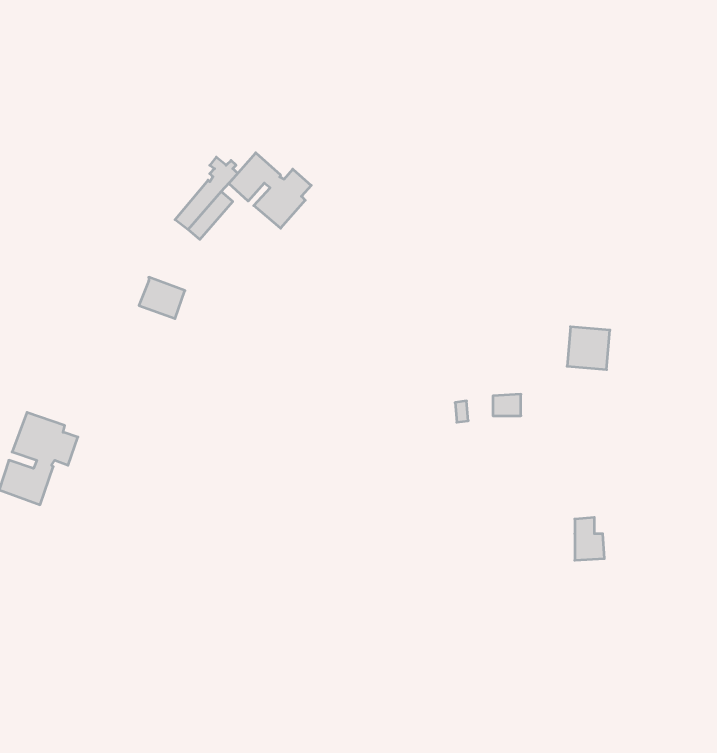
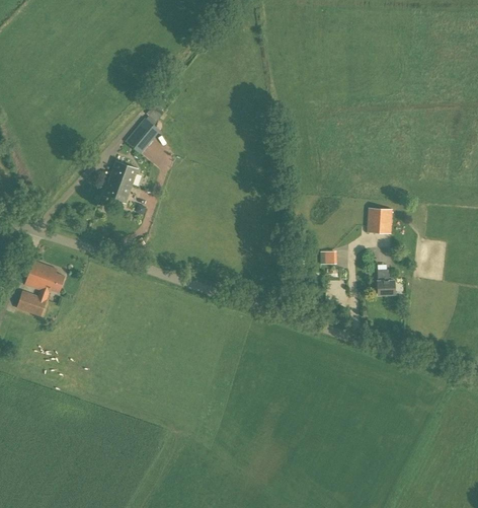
building: [229,153,311,228] -> none
building: none -> [109,160,138,186]
building: [575,517,604,560] -> [378,270,396,296]

